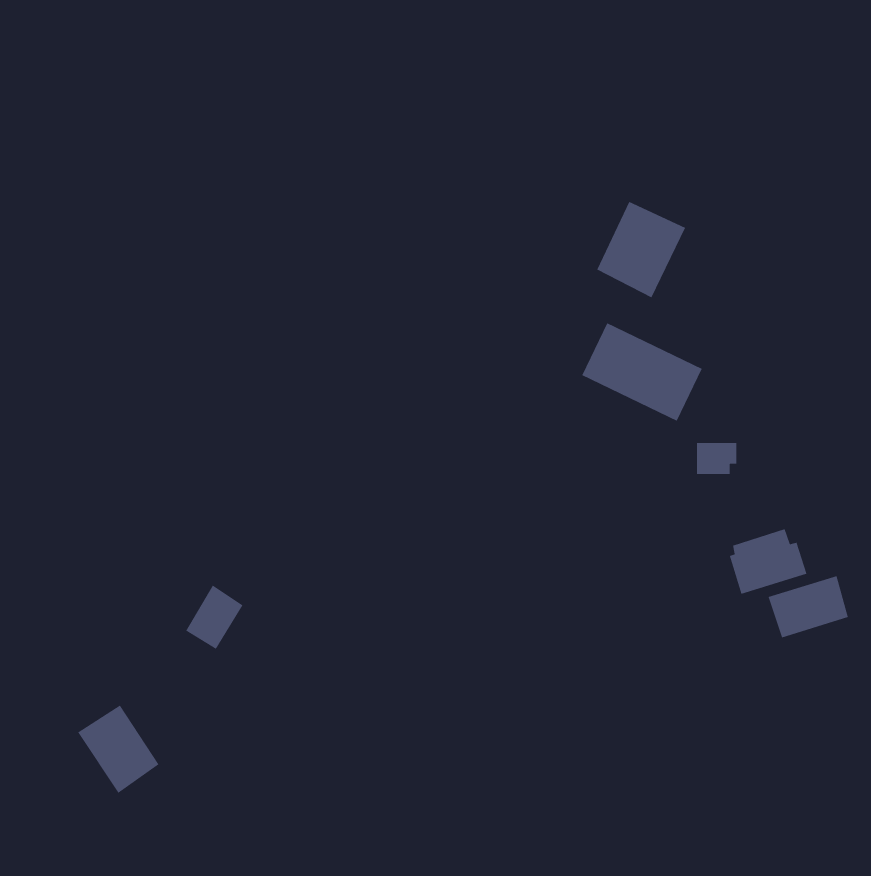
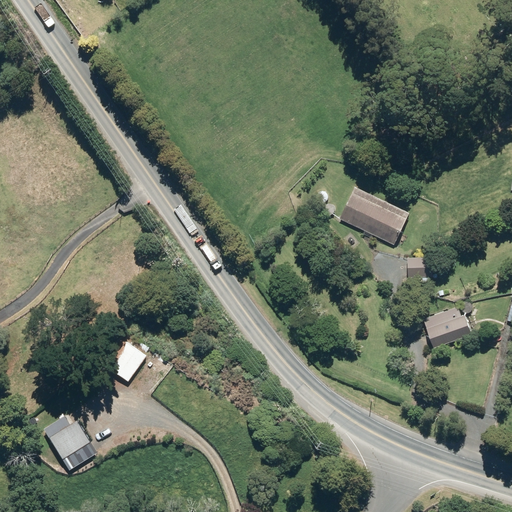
building: [596,201,686,298] -> none
building: [767,575,849,639] -> none

